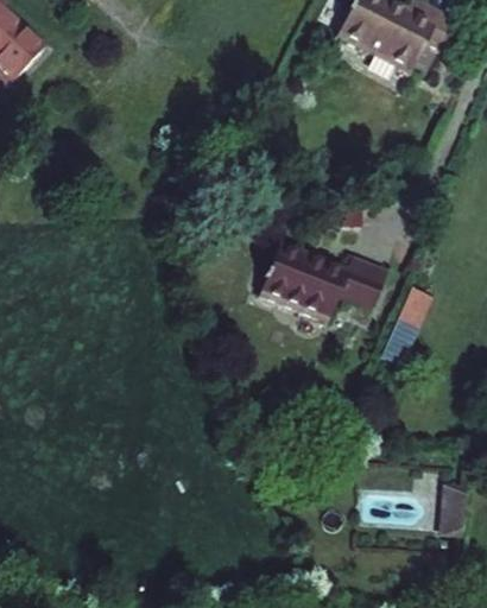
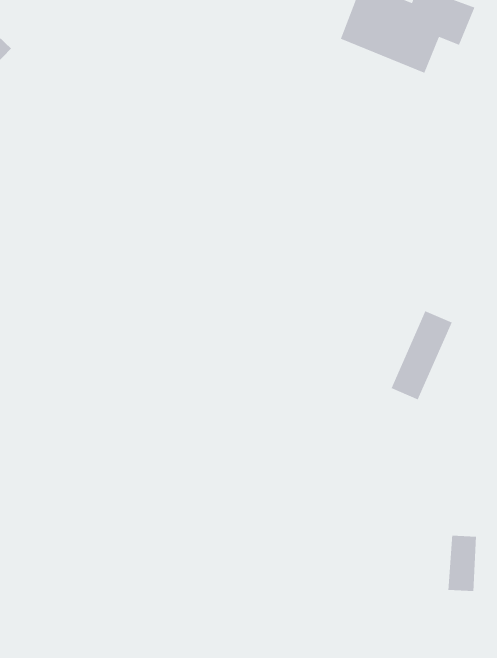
building: [260,239,386,316] -> none

